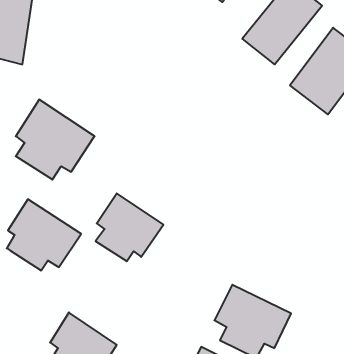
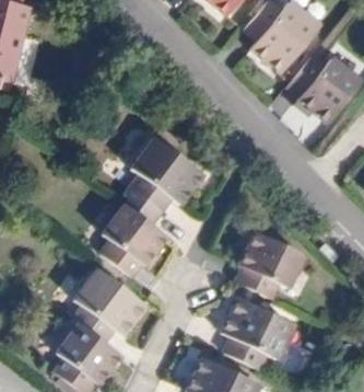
building: [16,100,95,180] -> [124,139,201,218]
building: [7,199,81,270] -> [71,273,144,343]
building: none -> [235,231,303,299]

